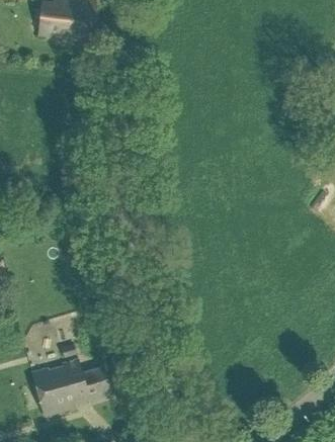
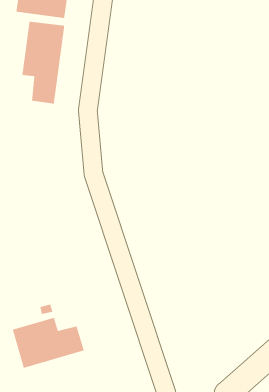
building: none -> [21,21,65,104]

